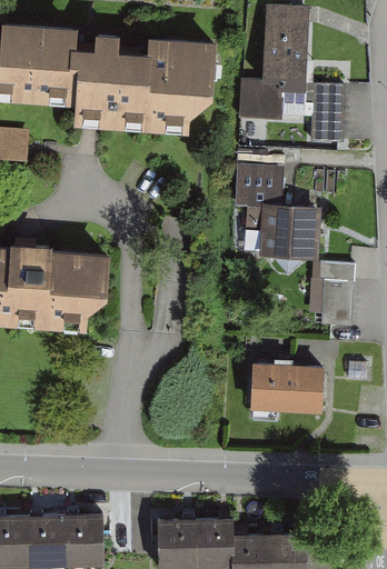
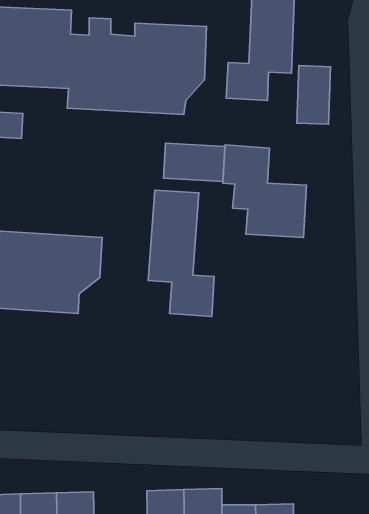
building: none -> [163,143,225,182]
building: none -> [148,190,214,316]
building: [310,262,354,328] -> none
building: [252,363,327,420] -> none

